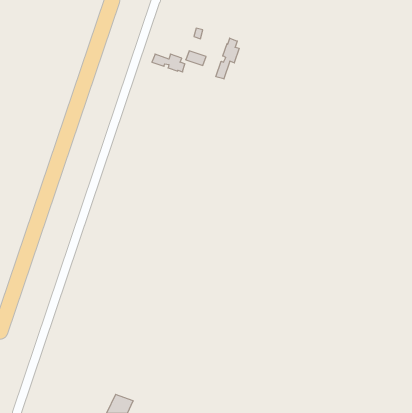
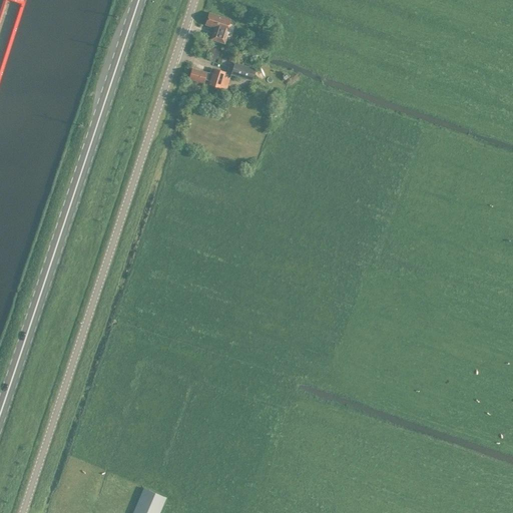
building: none -> [206,12,231,43]
building: [216,38,239,79] -> none

